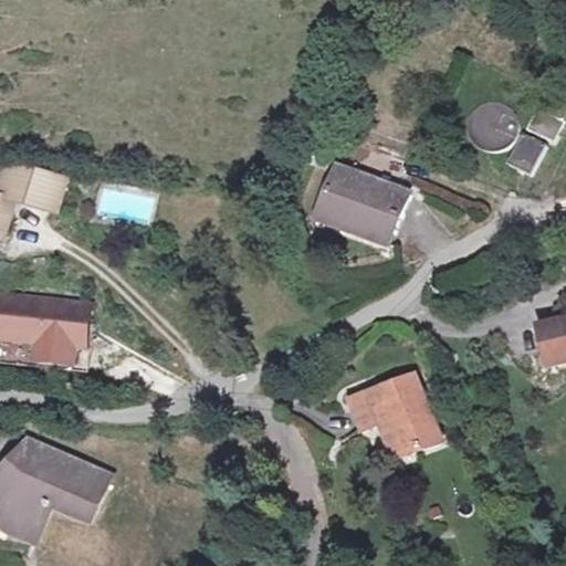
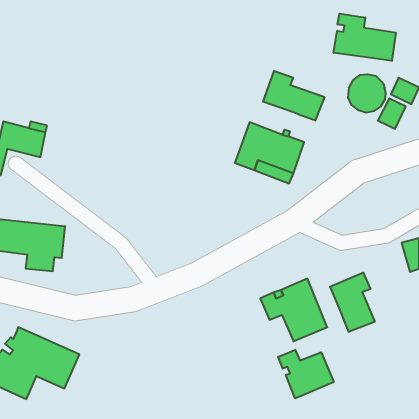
building: none -> [334,14,396,61]
building: none -> [263,71,324,121]
building: none -> [330,273,375,332]
building: none -> [278,350,334,398]

